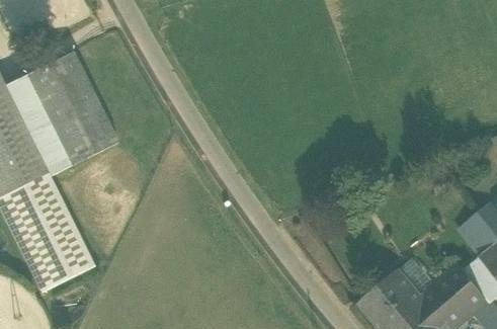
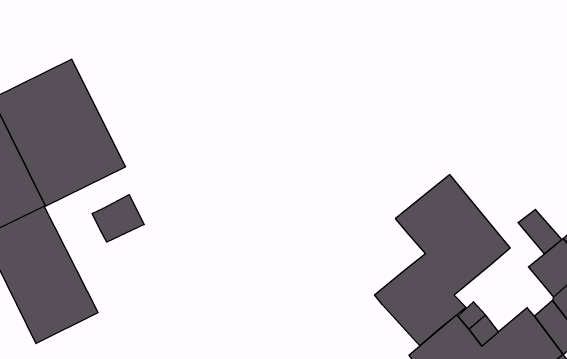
building: none -> [375,175,510,346]
building: none -> [92,195,144,242]
building: none -> [518,209,562,254]

